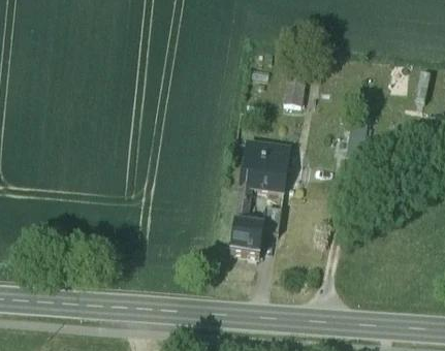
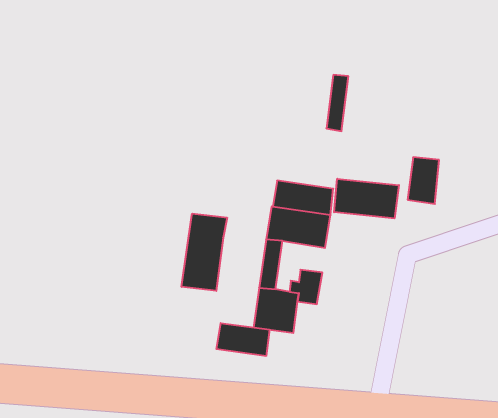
building: none -> [334,179,399,218]
building: none -> [182,214,227,291]
building: none -> [216,323,269,356]

